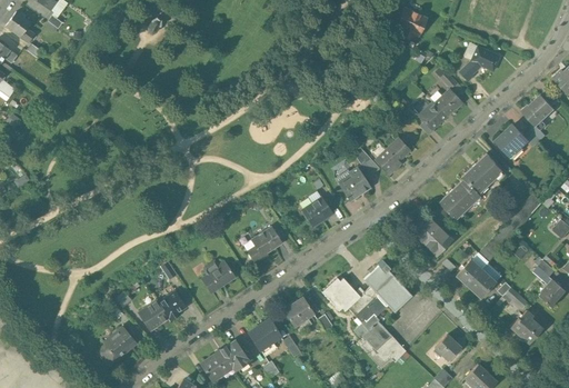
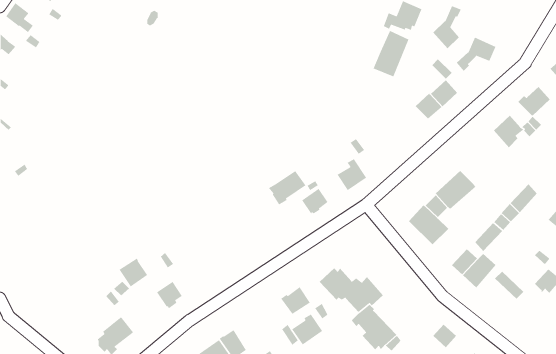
building: none -> [432,5,462,49]
building: none -> [373,30,410,78]
building: [373,138,410,176] -> none
building: [461,153,503,195] -> none
building: [243,227,282,262] -> [268,170,307,206]
building: [202,260,234,292] -> none
building: [363,260,412,312] -> none
building: [138,300,168,330] -> [118,258,148,287]
building: [510,310,542,341] -> none
building: [249,318,281,350] -> [291,314,323,346]

